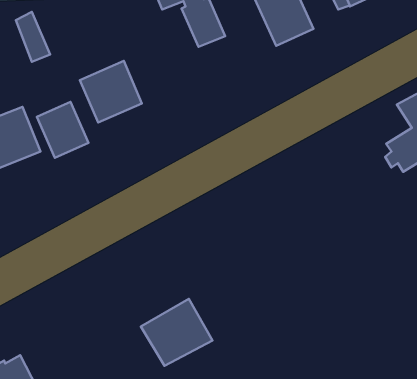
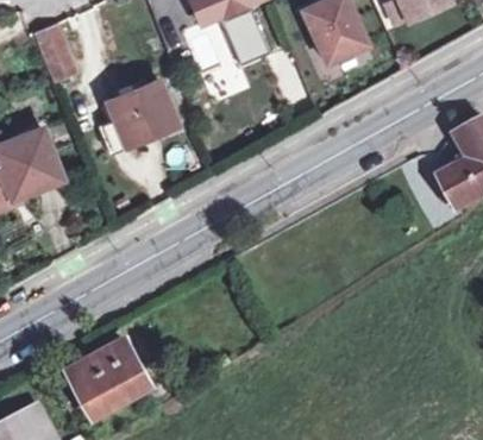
building: [37,102,88,158] -> none
building: [141,299,212,366] -> [74,346,153,421]

